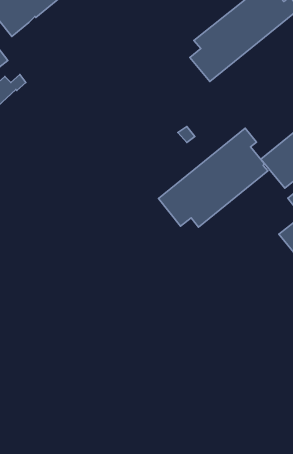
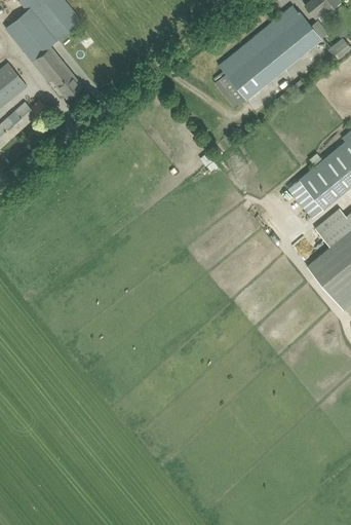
building: none -> [32,47,82,98]
building: [159,128,268,227] -> none

